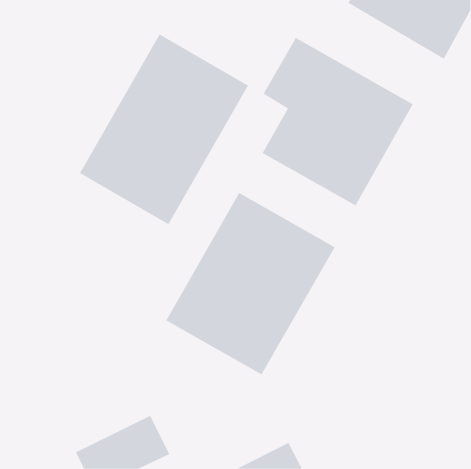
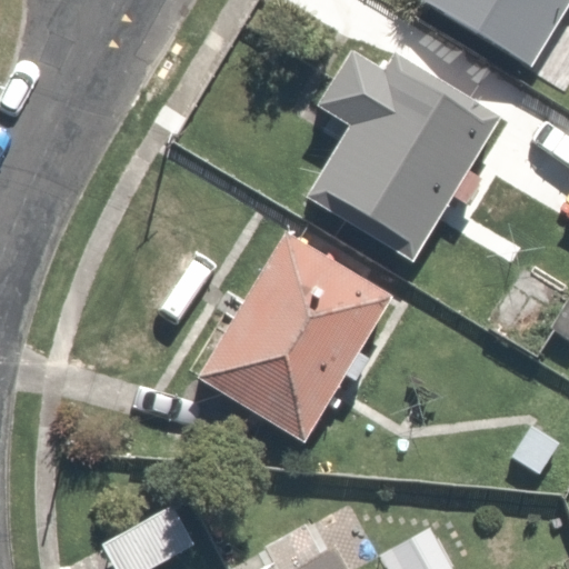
building: [79,33,249,225] -> none

